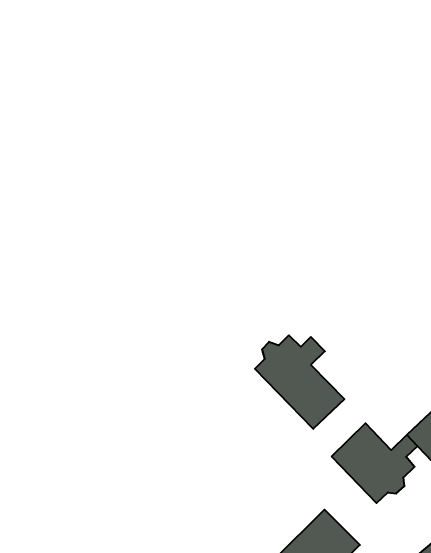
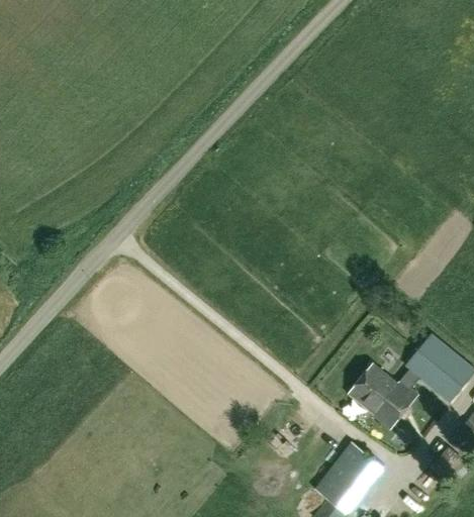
building: [255,335,344,429] -> none

